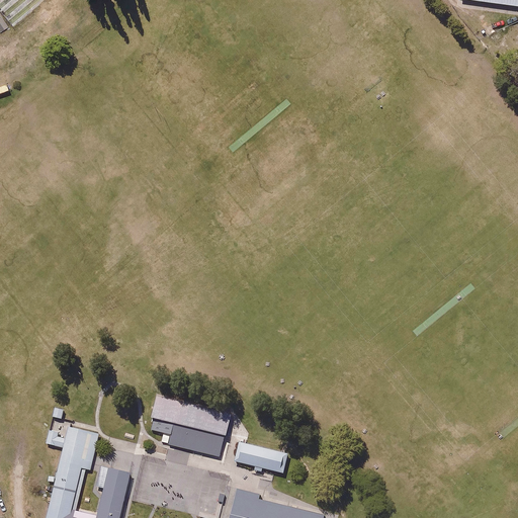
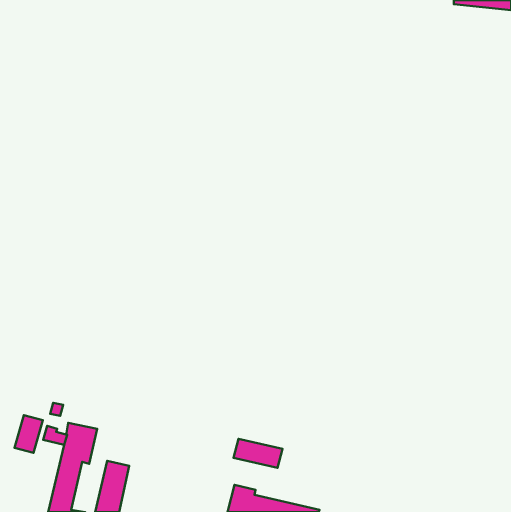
building: [147,394,231,458] -> none
building: none -> [14,415,43,453]

